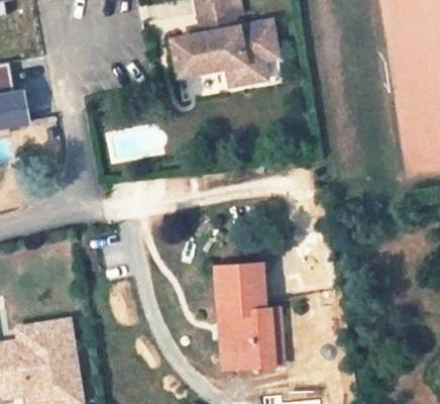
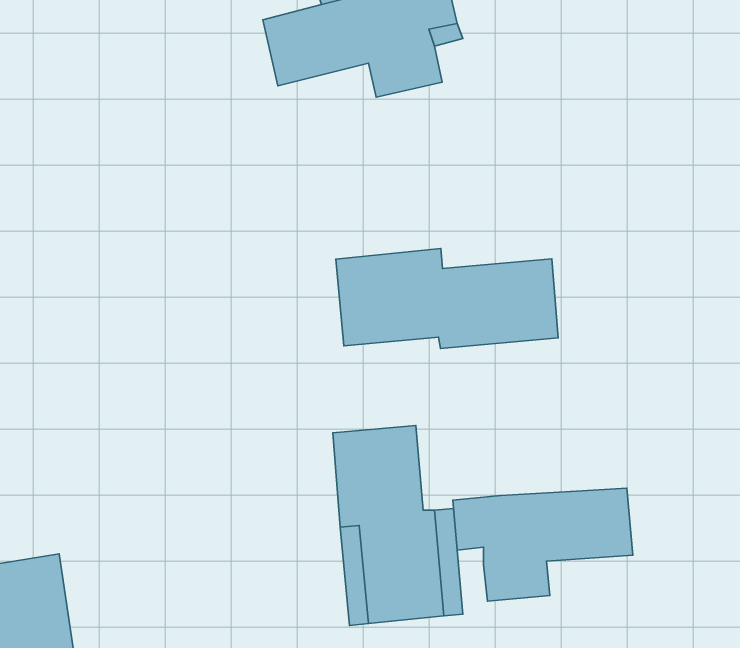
building: none -> [336,249,558,349]
building: none -> [453,488,633,601]

